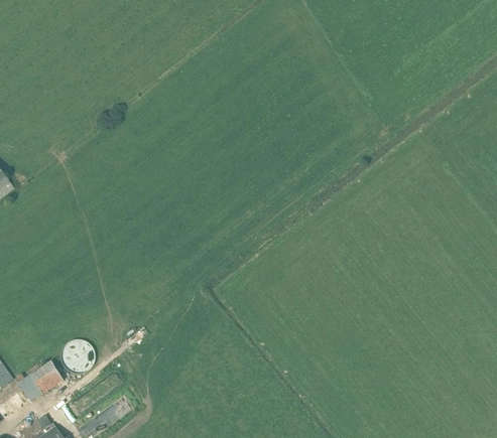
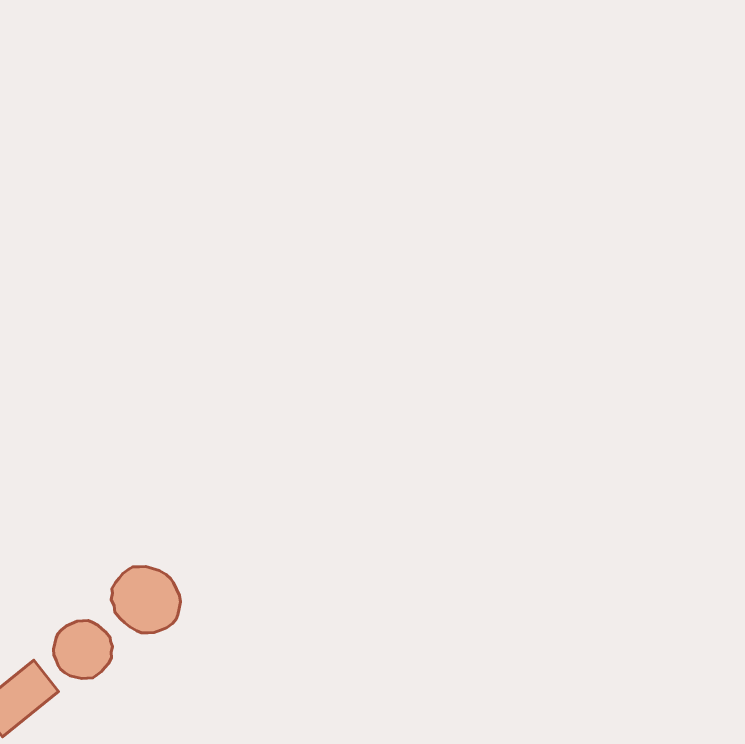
building: none -> [111,567,180,633]

